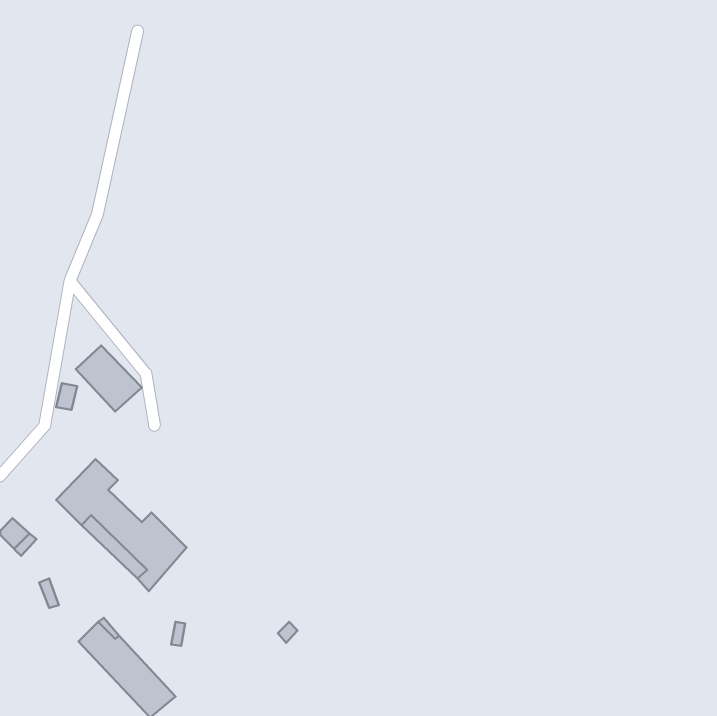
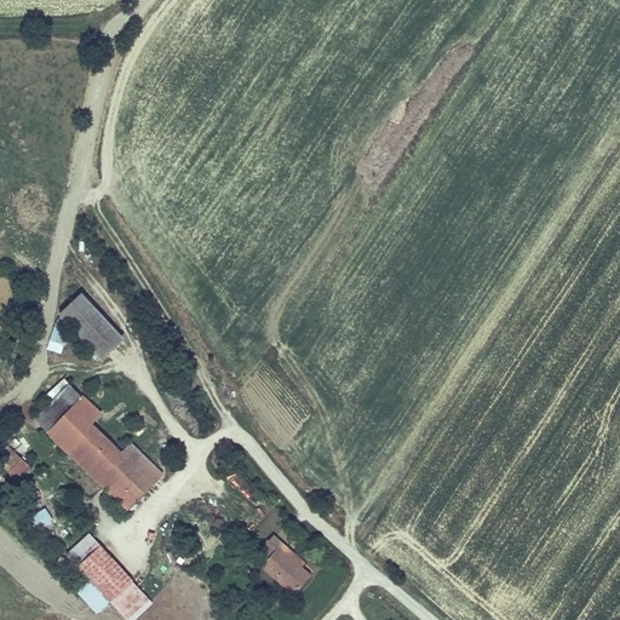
building: none -> [36,385,82,432]
building: none -> [254,539,310,592]

